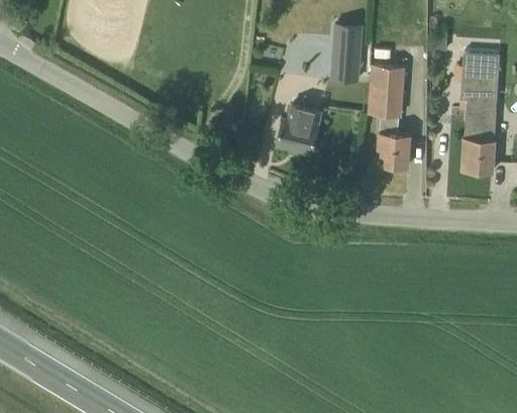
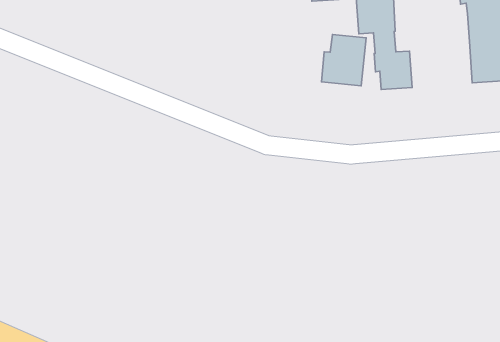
building: [277,106,321,154] -> [321,34,366,86]

